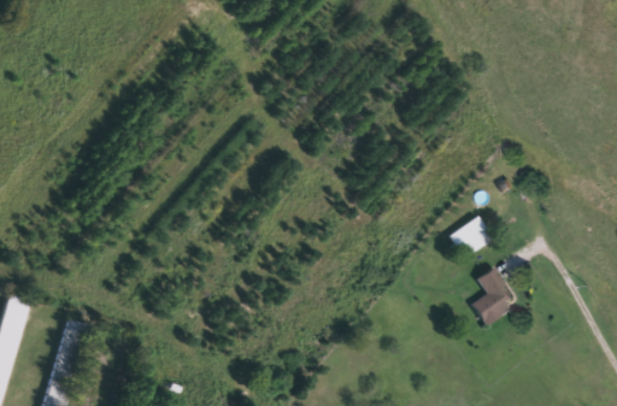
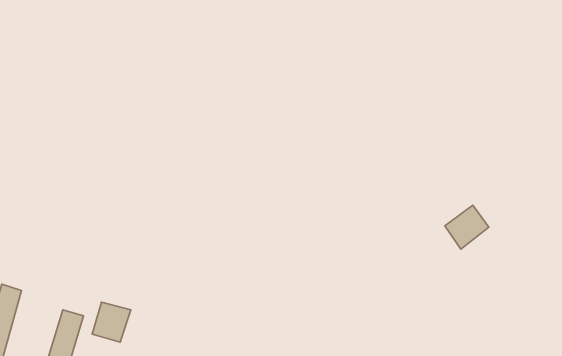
building: [470,266,516,324] -> none
building: none -> [92,302,131,342]

